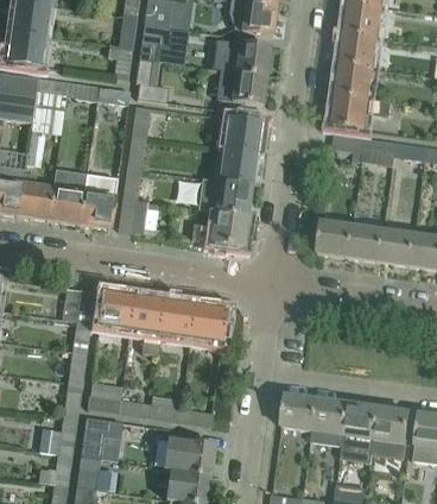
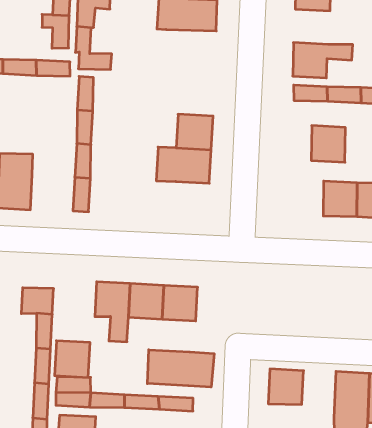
building: [337,63,374,99] -> none
building: [215,70,267,106] -> none
building: [224,119,260,155] -> none
building: [80,193,115,229] -> none
building: [191,212,247,247] -> none
building: [318,220,353,257] -> [311,126,345,162]
building: [99,292,134,329] -> [55,341,90,377]
building: none -> [147,350,214,387]
building: [311,398,347,445] -> none

